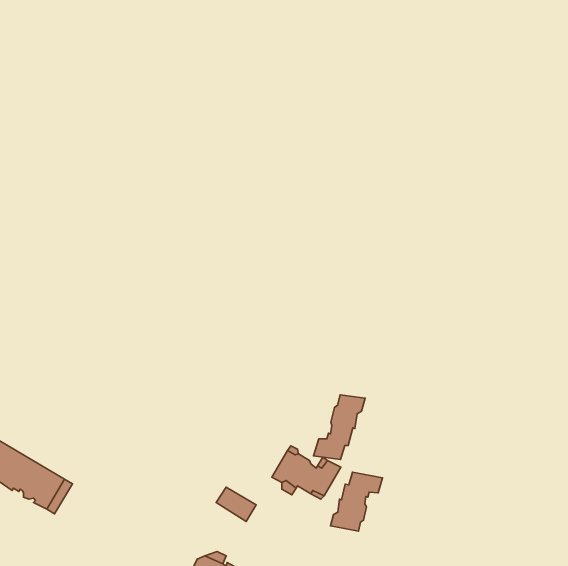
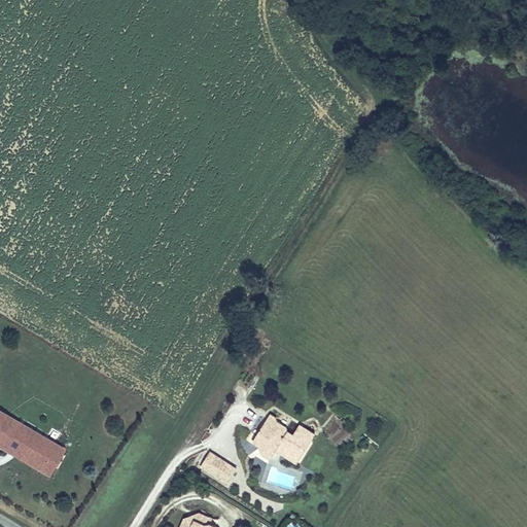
building: [314,395,365,459] -> none
building: [331,472,382,531] -> none

